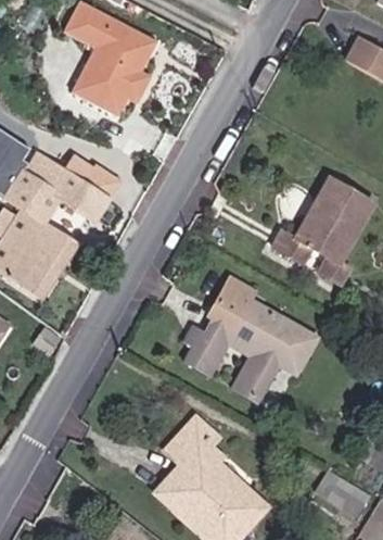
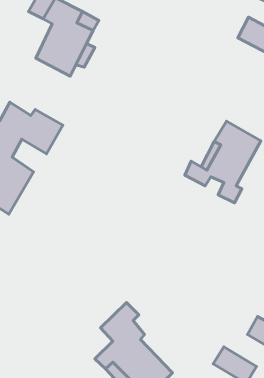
building: [188,274,318,400] -> none

